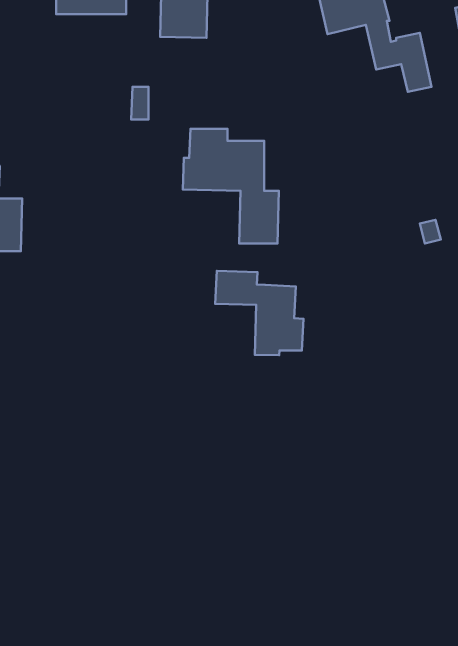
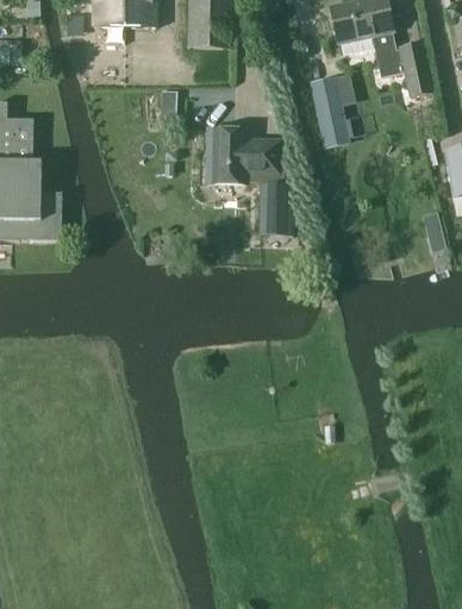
building: none -> [307,71,354,145]
building: [215,271,303,355] -> none

